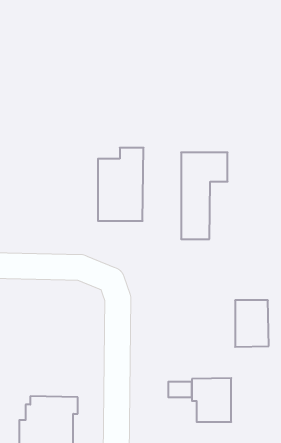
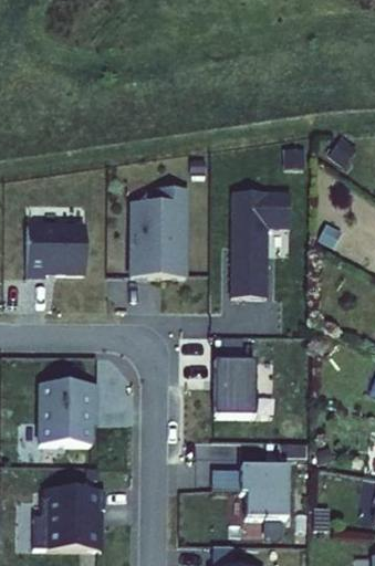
building: none -> [24,224,83,275]
building: [235,300,269,347] -> [215,360,256,417]
building: none -> [39,382,96,443]

